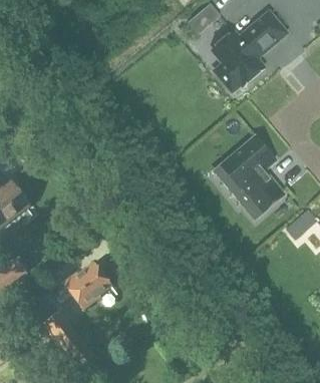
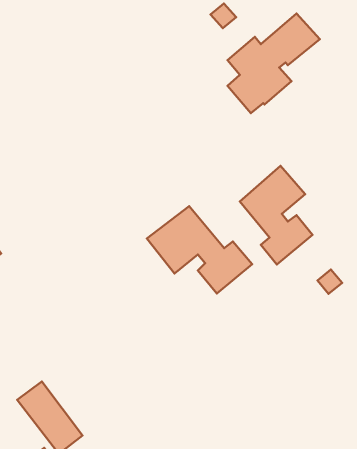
building: none -> [147,206,252,293]
building: [64,266,110,311] -> none

